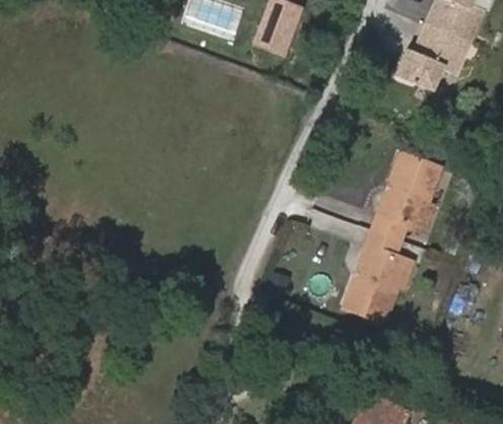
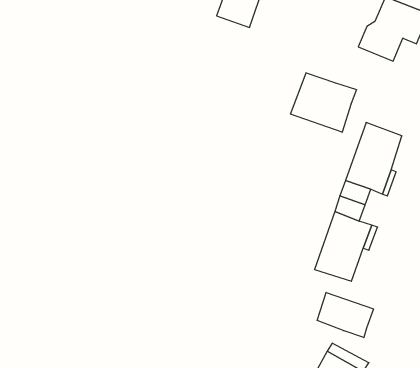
building: none -> [290,73,356,132]
building: none -> [317,292,373,338]

